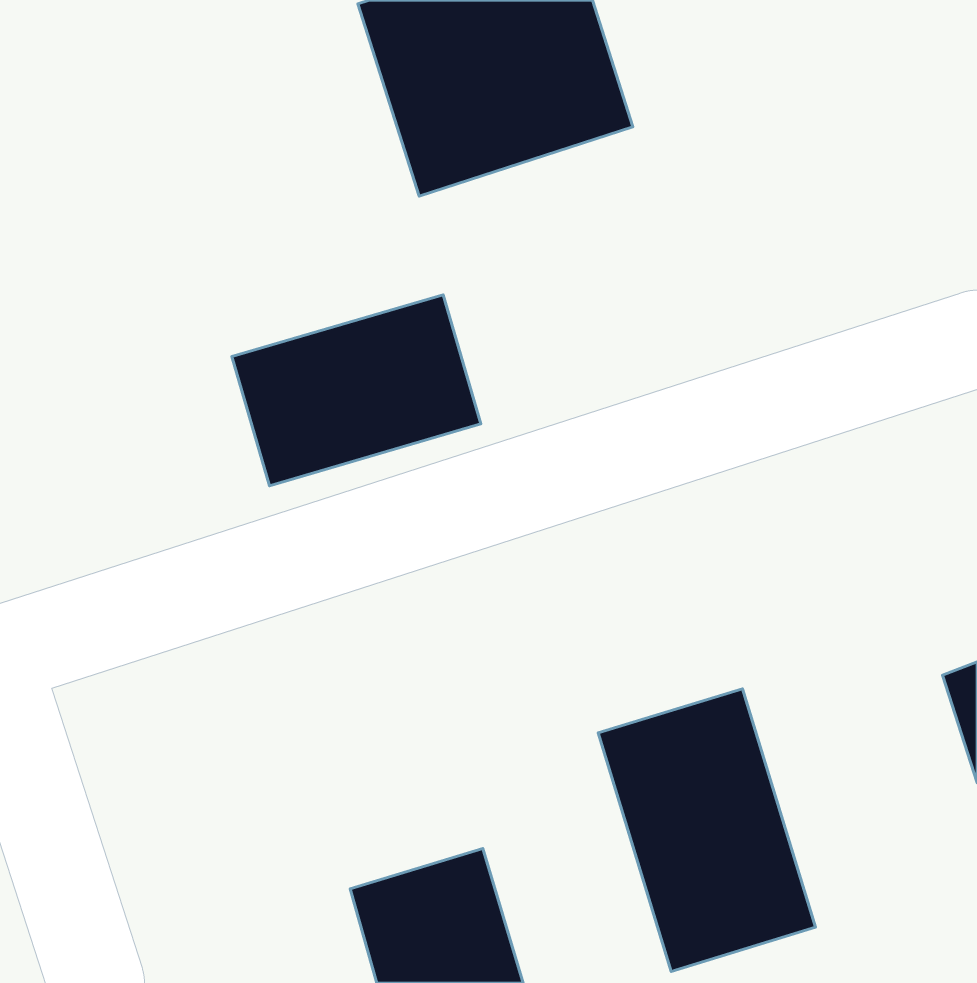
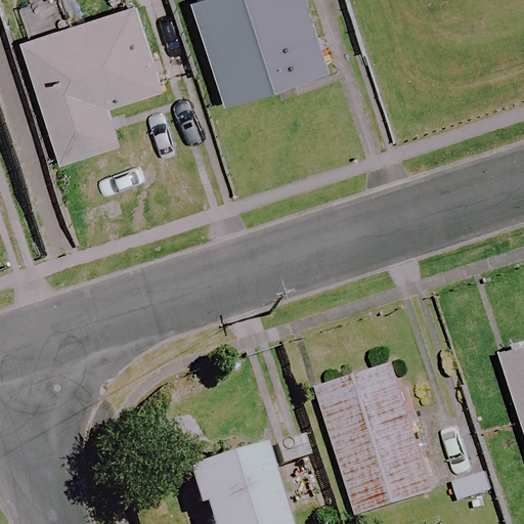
building: none -> [20,6,161,163]
building: [232,295,481,486] -> none

